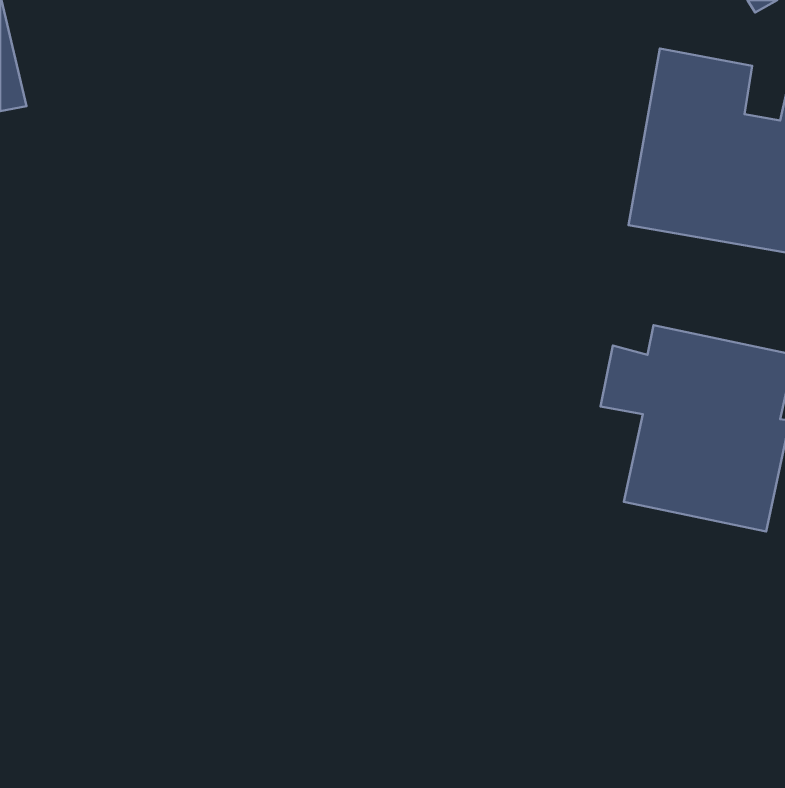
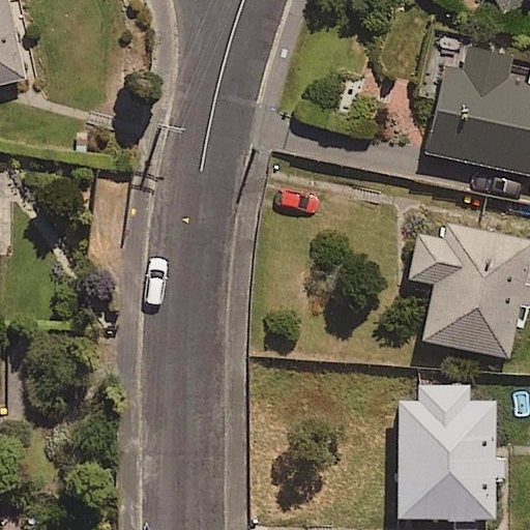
building: none -> [398,386,507,520]

